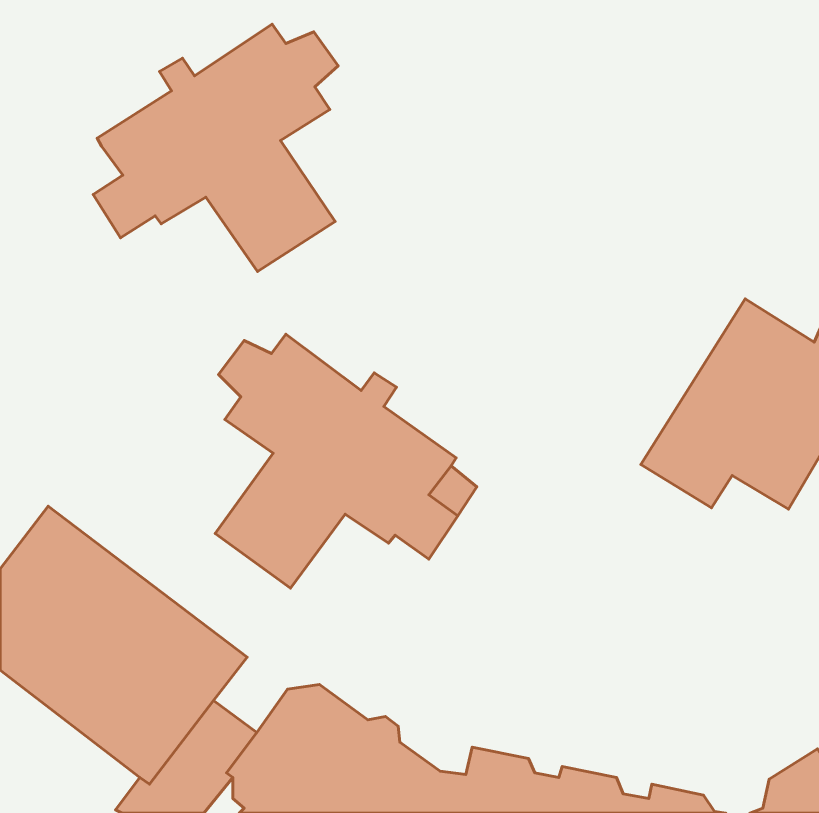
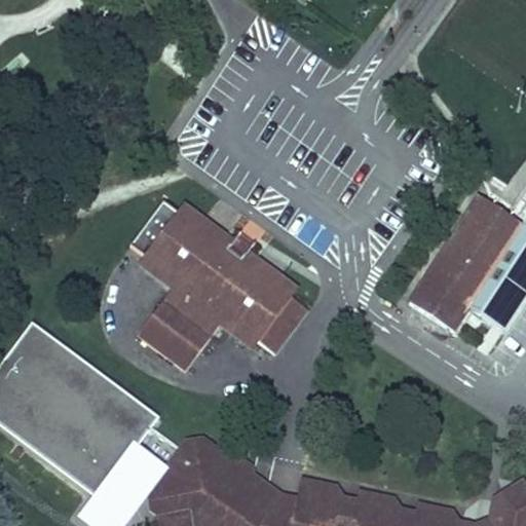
building: [93,24,338,272] -> none

